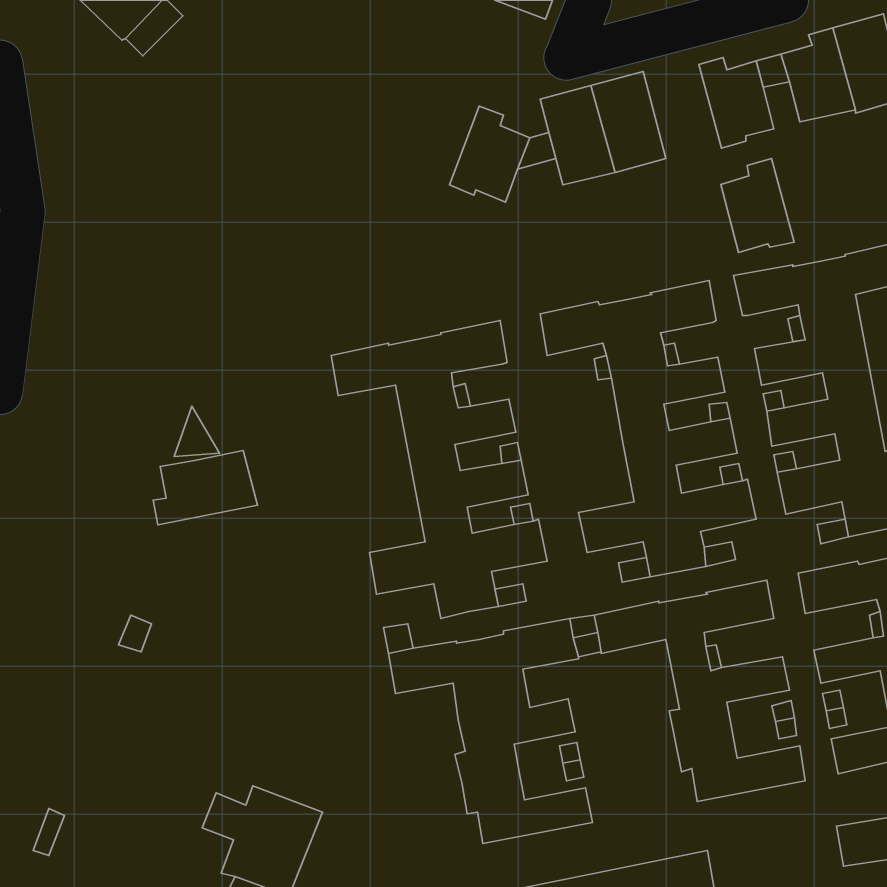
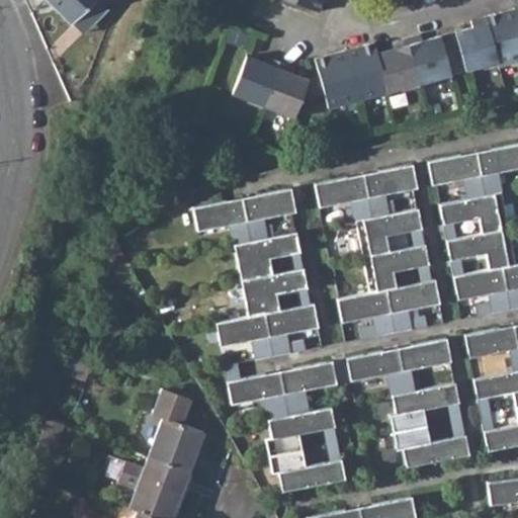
building: none -> [233,58,280,109]
building: [721,158,794,253] -> [378,39,421,94]
building: [153,451,258,525] -> none
building: none -> [149,390,205,473]

